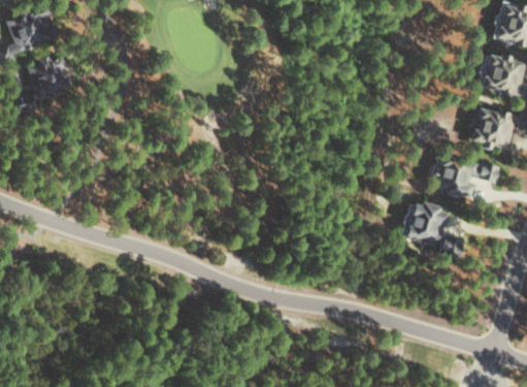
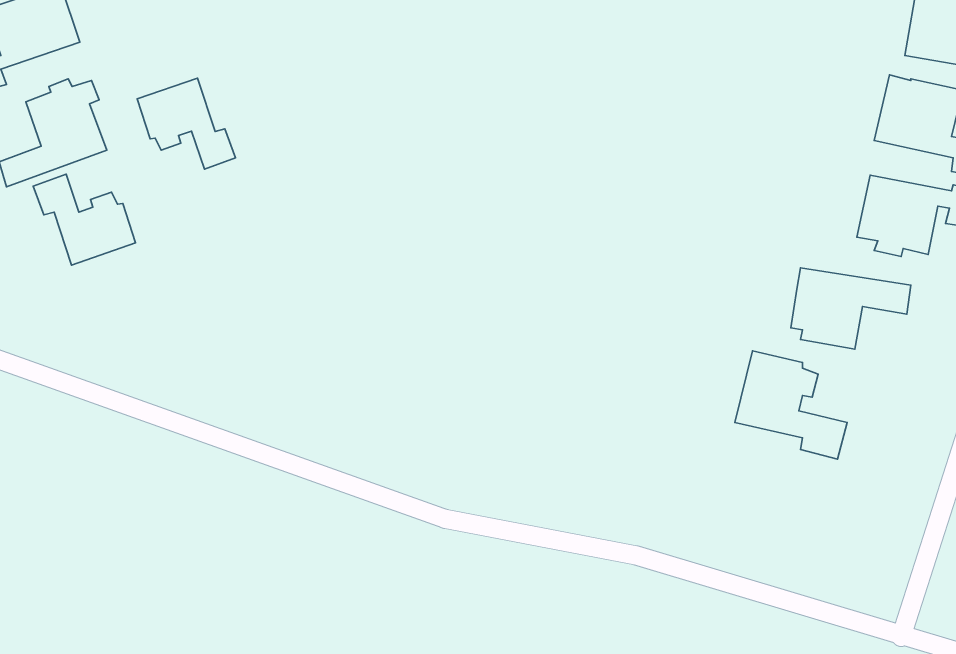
building: none -> [137,78,236,169]
building: none -> [33,174,136,265]

